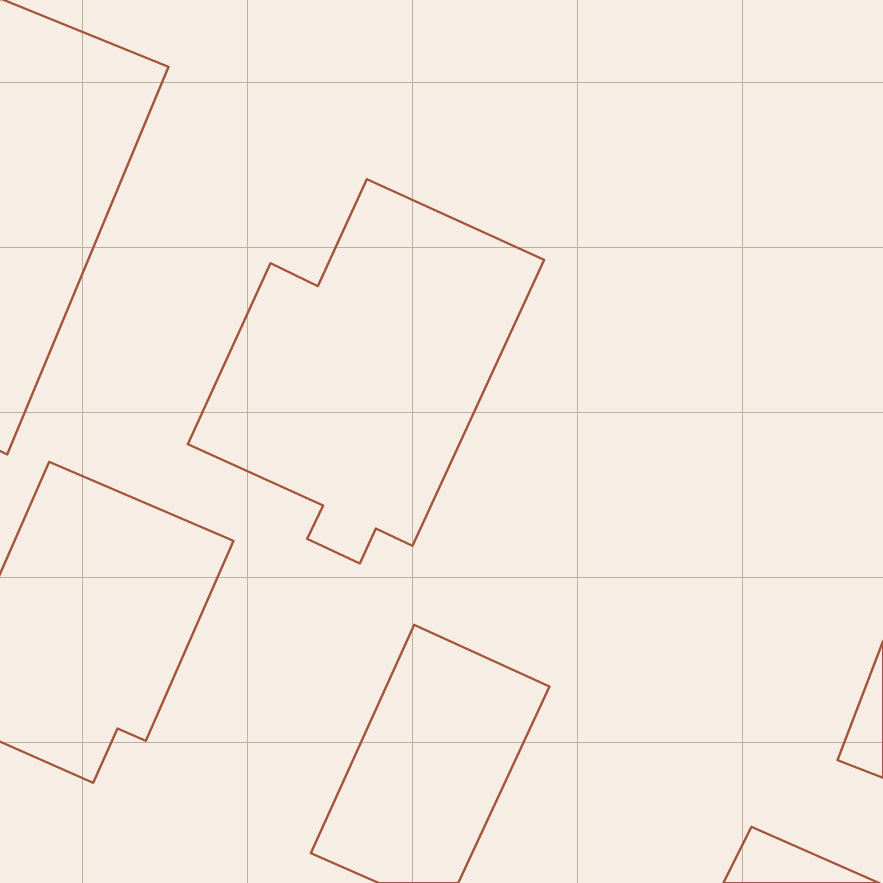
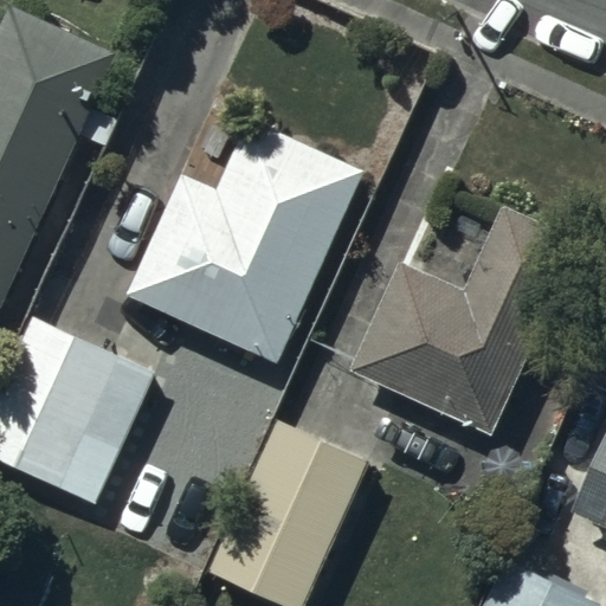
building: none -> [343,206,572,433]

